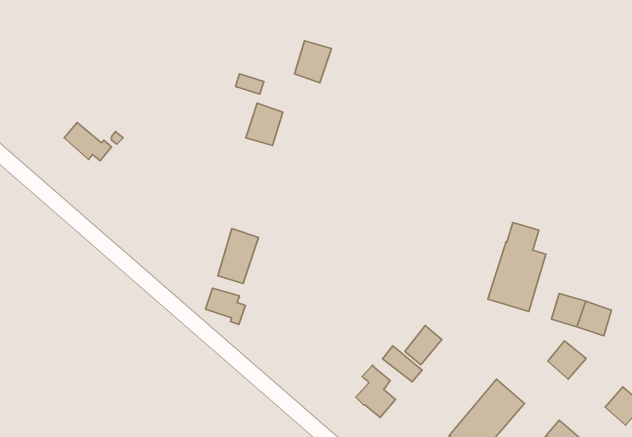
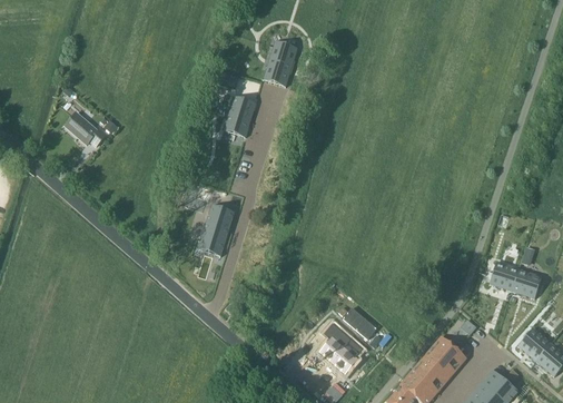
building: [488,222,546,311] -> none
building: [205,288,245,324] -> none
building: [405,325,442,365] -> none
building: [548,341,586,379] -> [517,328,551,362]

